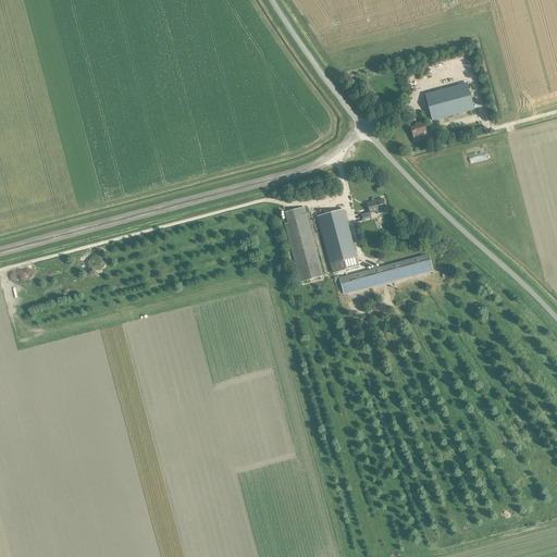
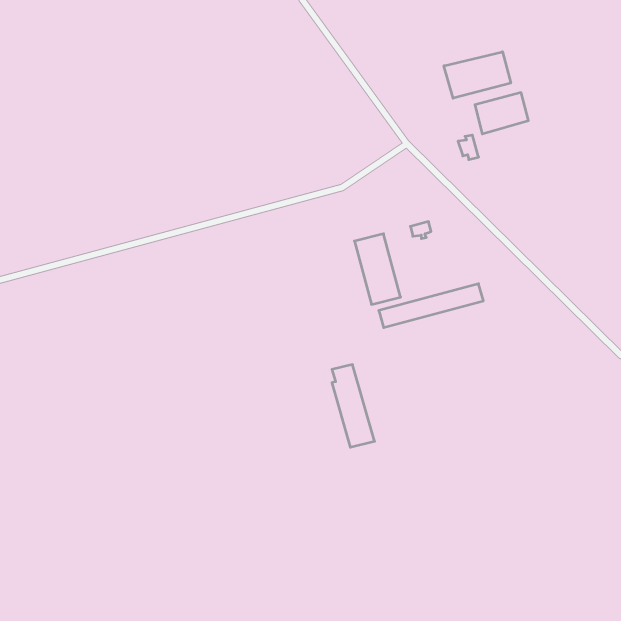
building: none -> [444,52,511,98]
building: [284,207,322,281] -> [332,365,375,447]

